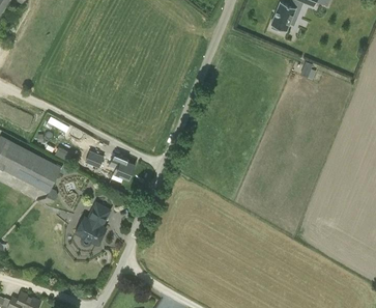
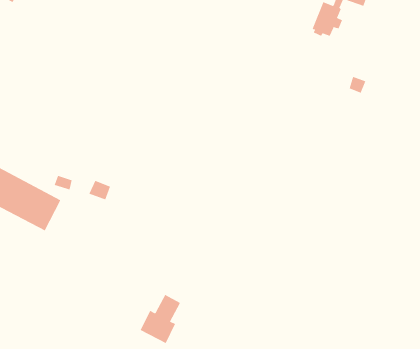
building: [109,153,135,180] -> none
building: [76,203,110,245] -> [140,294,181,344]

